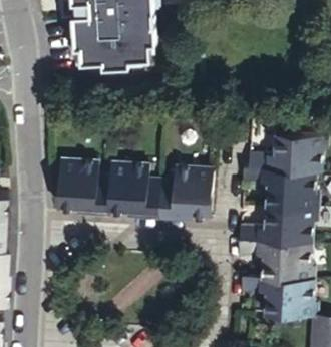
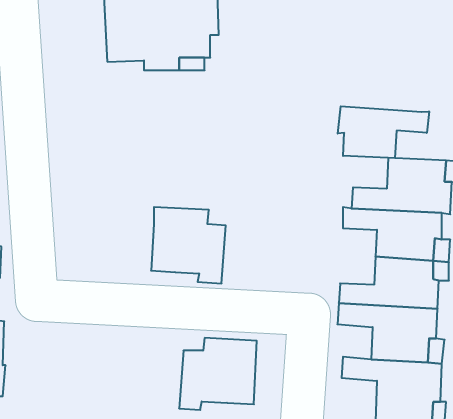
building: none -> [338,106,429,158]
building: [56,162,110,217] -> none
building: [158,168,214,220] -> [179,338,257,410]

